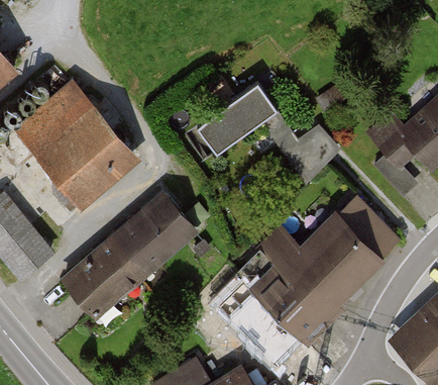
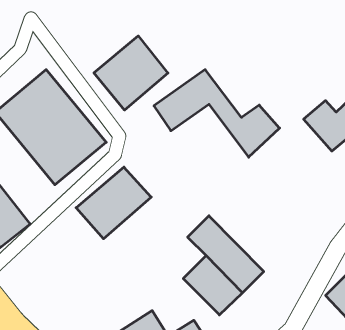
building: none -> [94,36,168,110]
building: [260,199,396,313] -> none
building: [64,240,140,315] -> none

